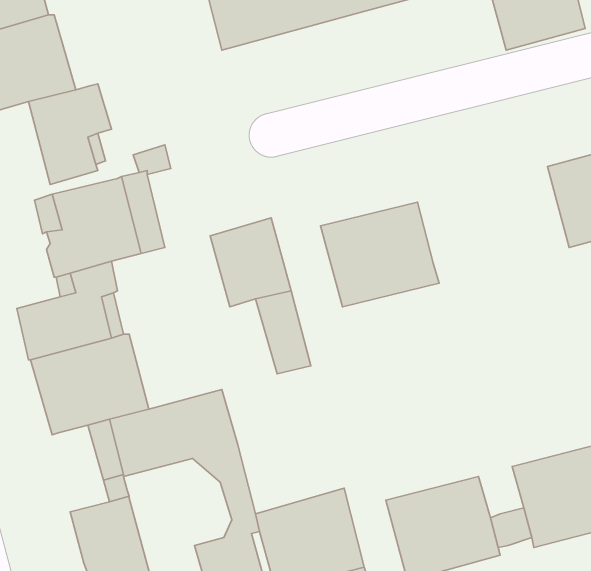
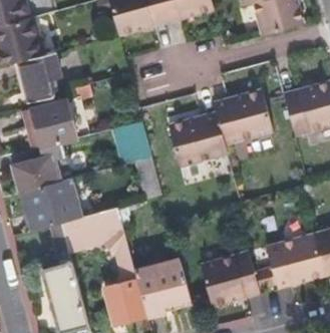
building: none -> [214,90,272,143]

